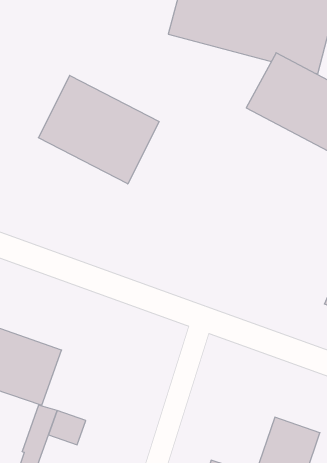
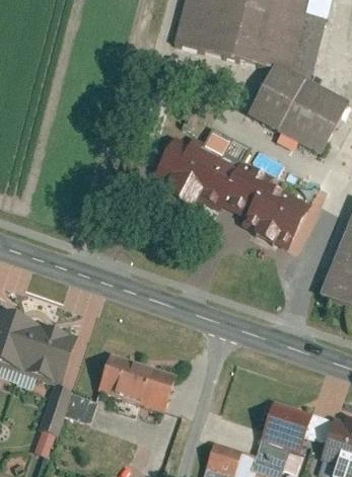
building: [38,75,159,184] -> none
building: none -> [155,135,312,250]
building: none -> [99,347,177,409]

